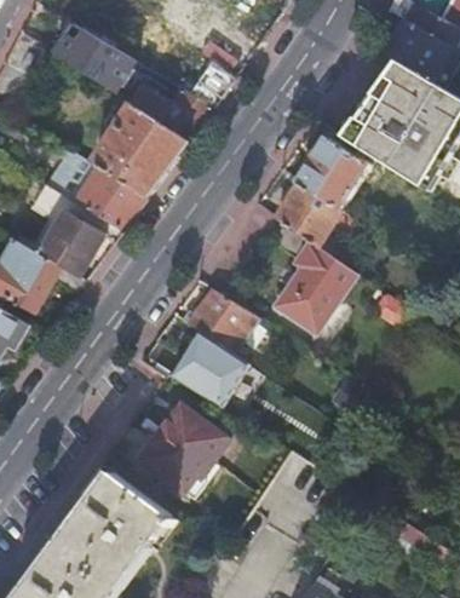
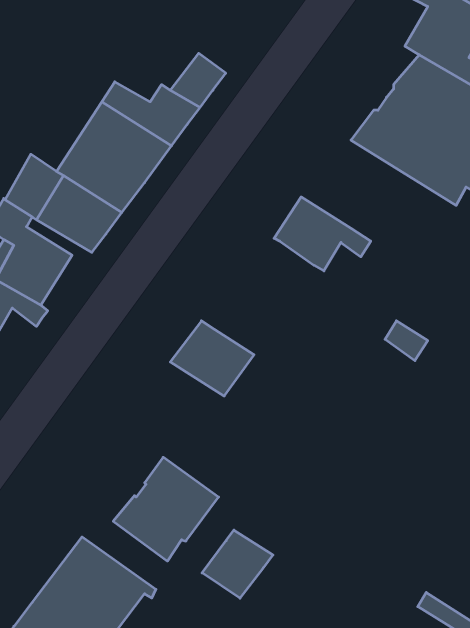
building: [51,24,132,93] -> none
building: [297,137,367,211] -> none
building: [274,242,355,333] -> none
building: [173,333,247,404] -> none
building: none -> [202,530,273,598]

